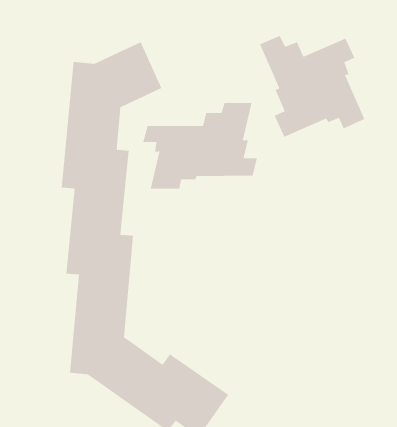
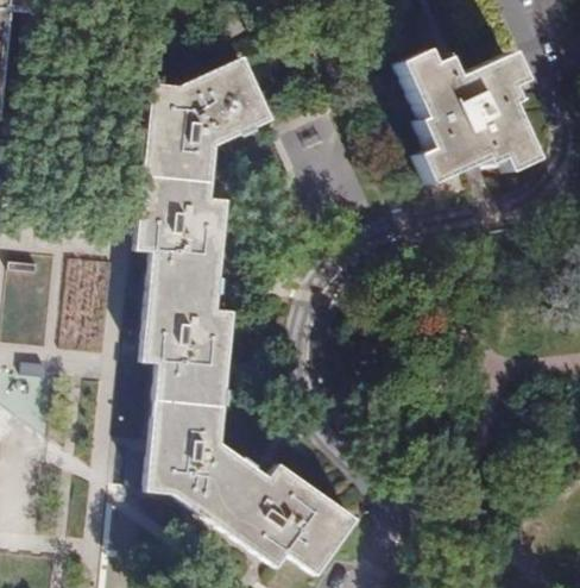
building: [143,102,258,189] -> none

